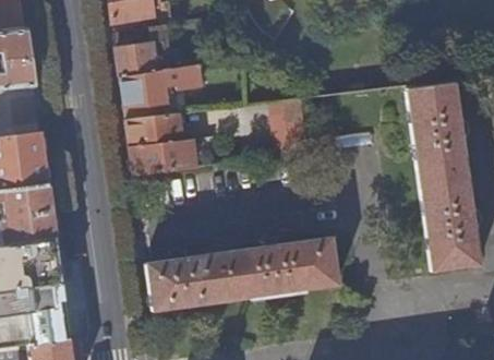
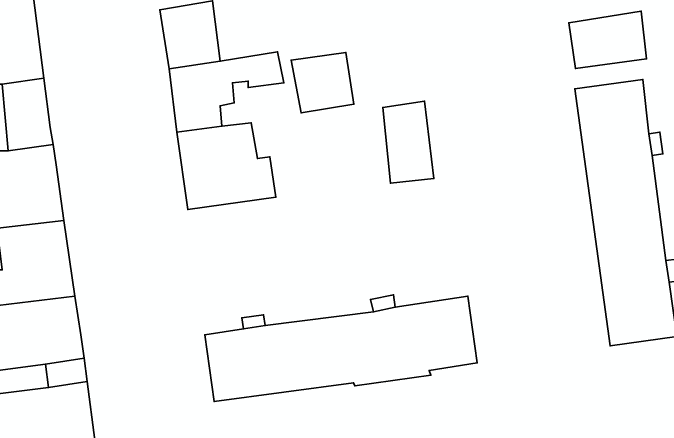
building: none -> [569,11,646,69]
building: none -> [291,52,354,113]

